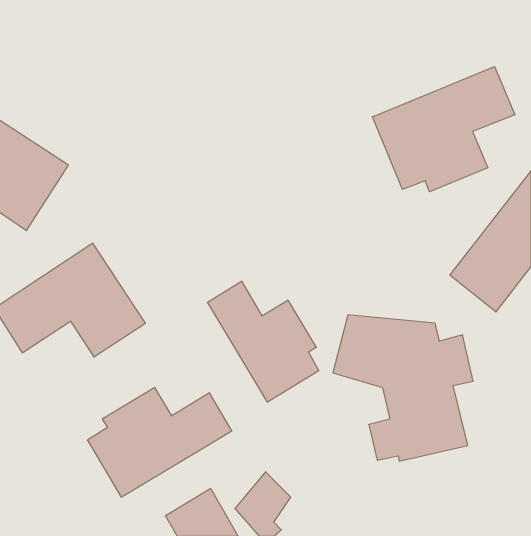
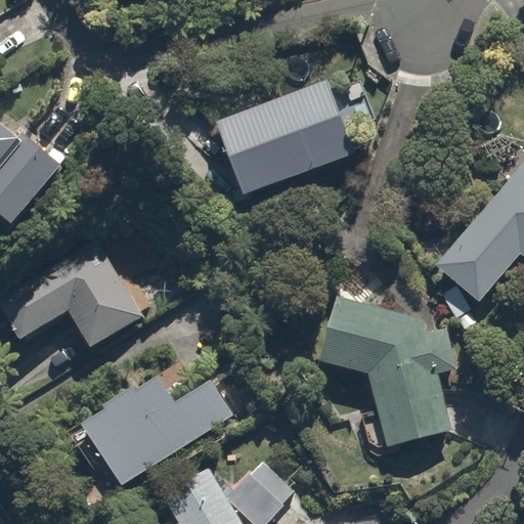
building: [372,67,515,192] -> none
building: none -> [217,80,360,196]
building: [207,281,319,402] -> none

